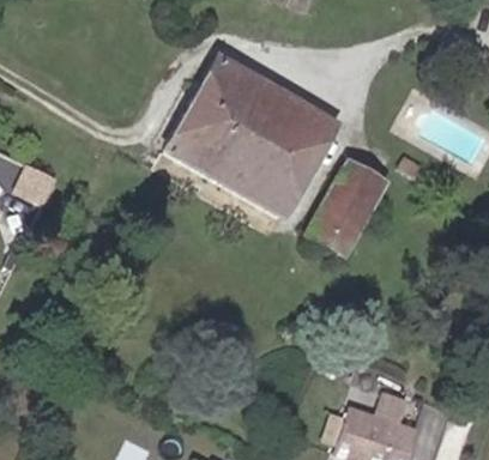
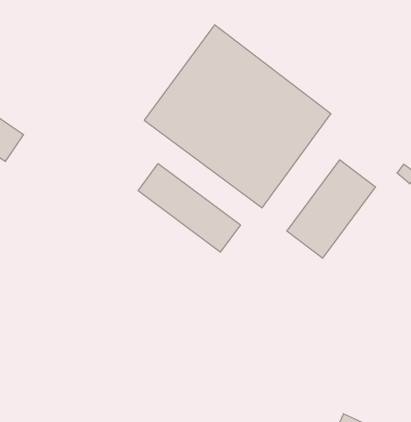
building: none -> [138,164,240,252]

